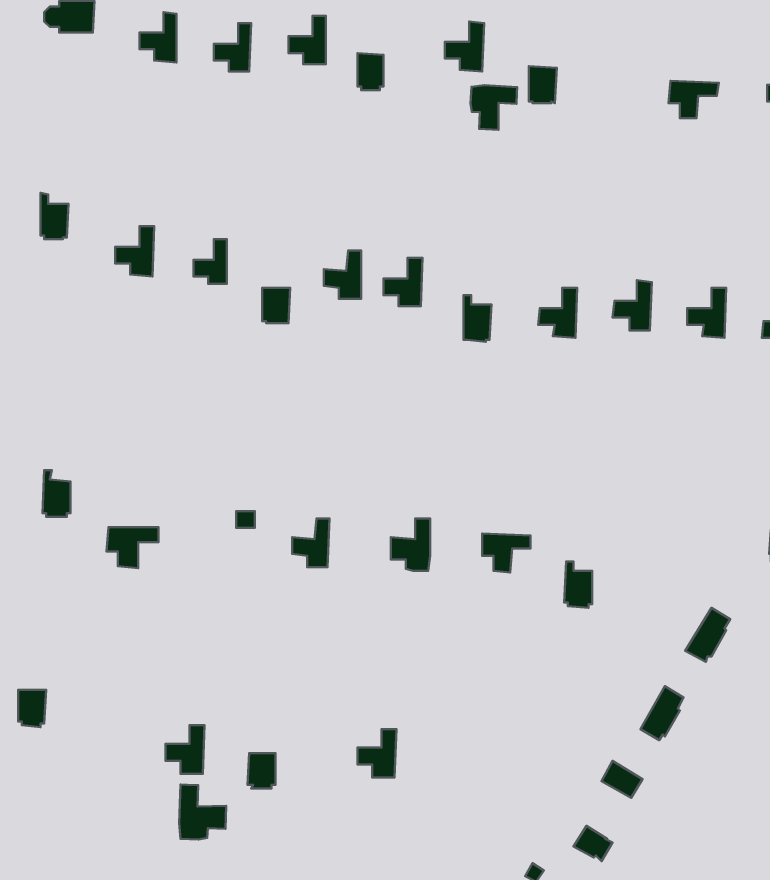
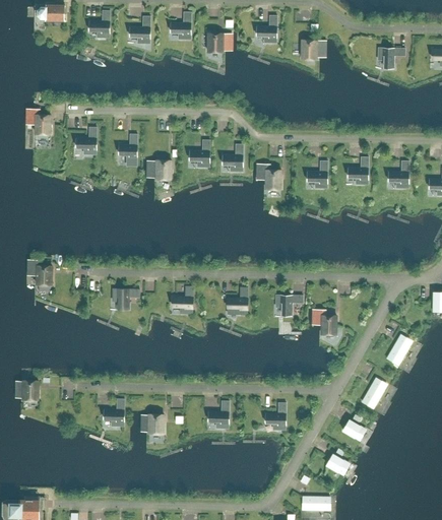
building: [471,85,517,130] -> none
building: [106,527,159,568] -> [111,288,139,311]
building: none -> [264,402,286,430]
building: [179,785,226,839] -> none

